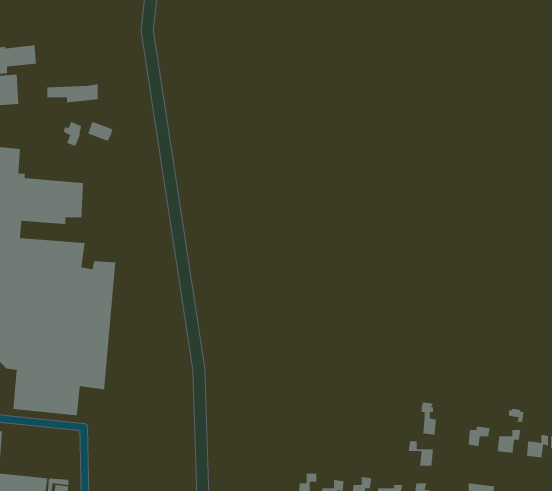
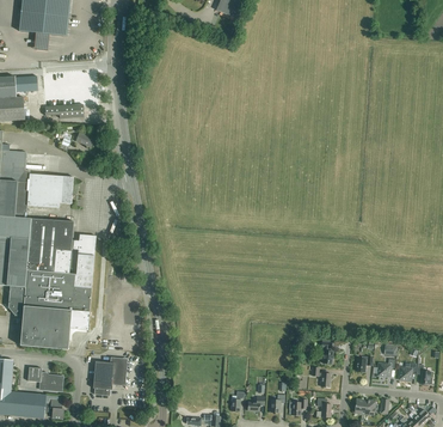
building: none -> [93,356,128,395]
building: none -> [27,367,63,391]

